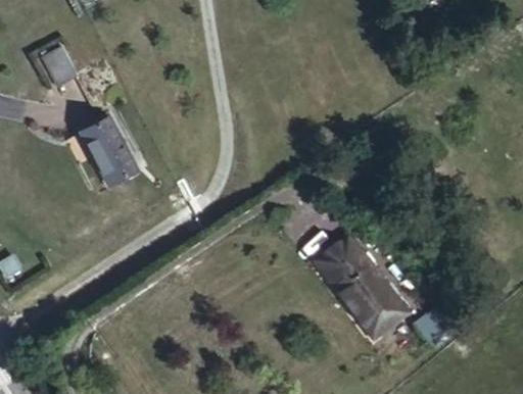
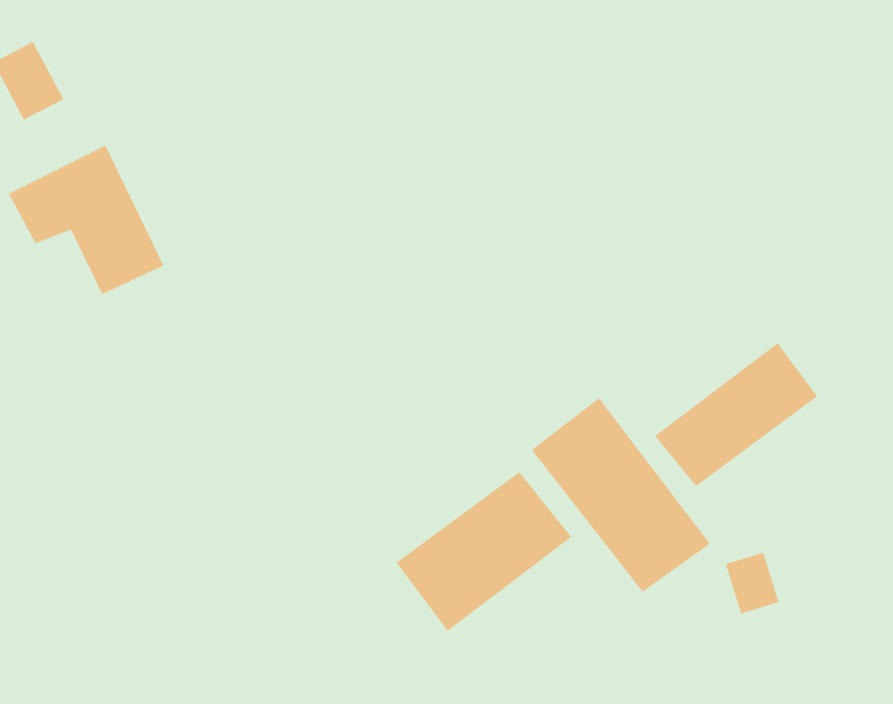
building: none -> [654,342,818,487]
building: none -> [396,471,572,632]

